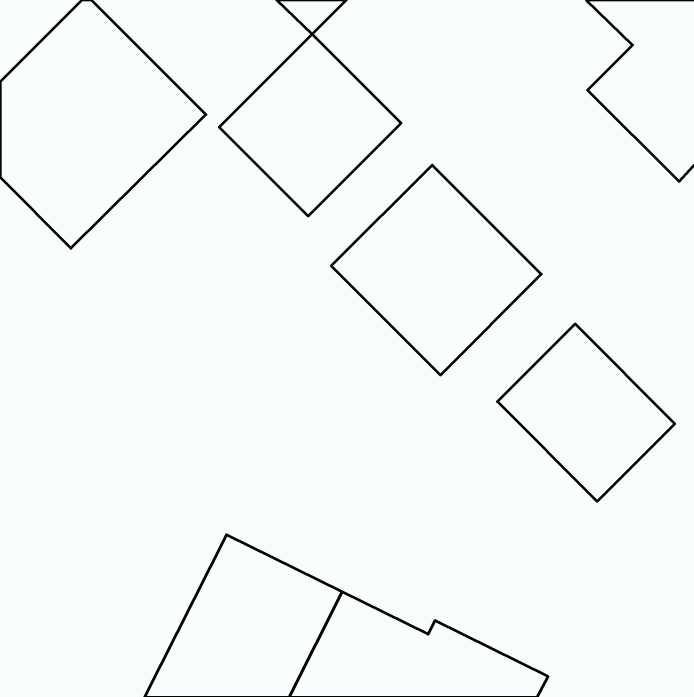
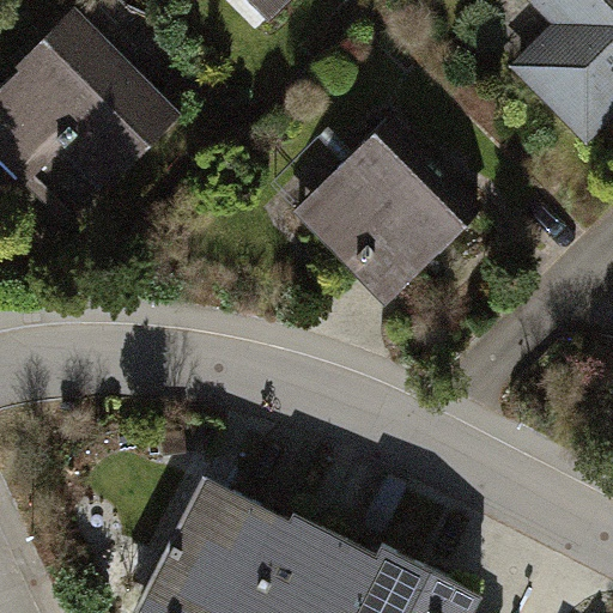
building: [219,34,401,216] -> none
building: [497,324,675,501] -> none

